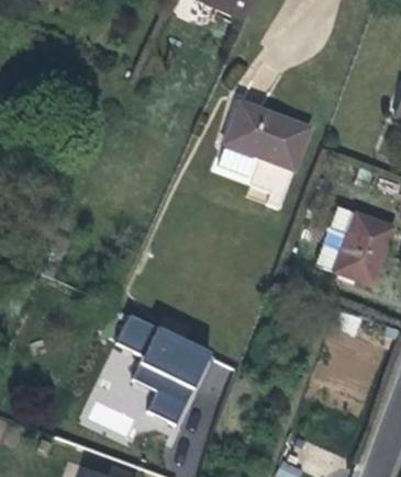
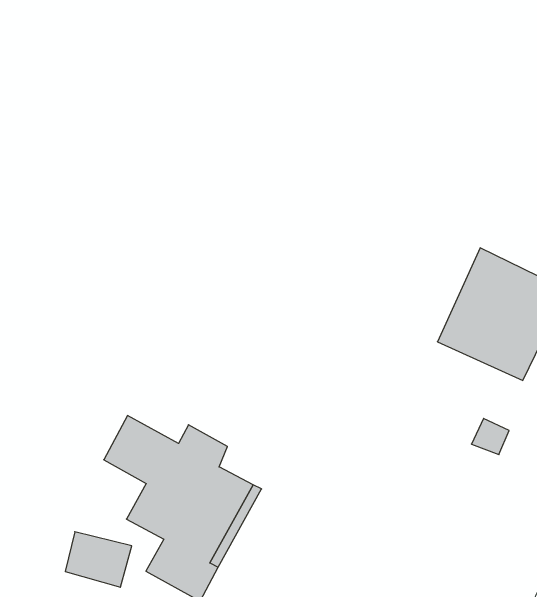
building: [222,104,310,173] -> none

